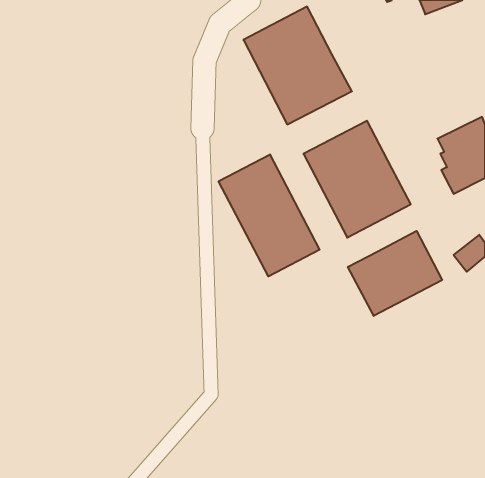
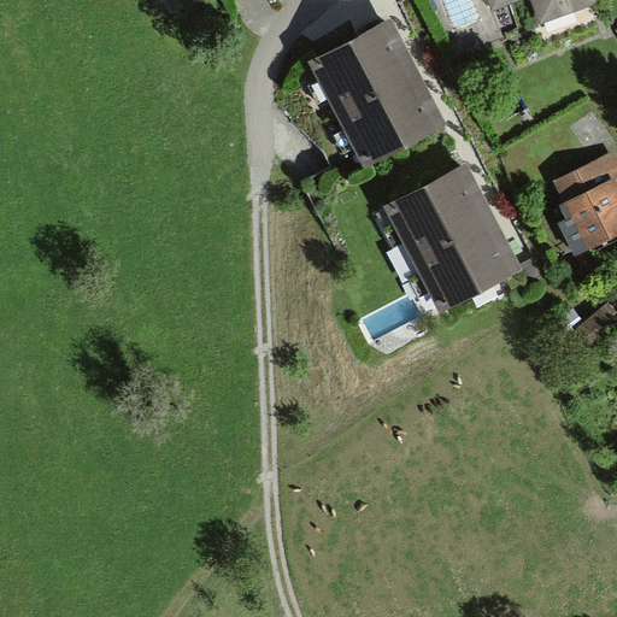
building: [219,154,320,276] -> none
building: [348,231,442,316] -> none

